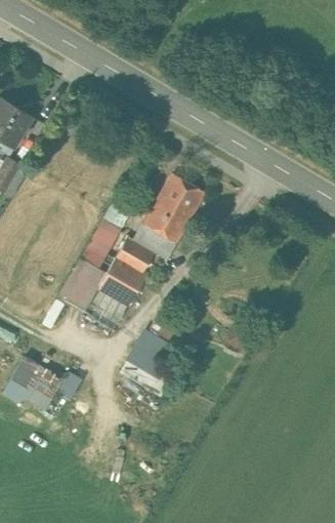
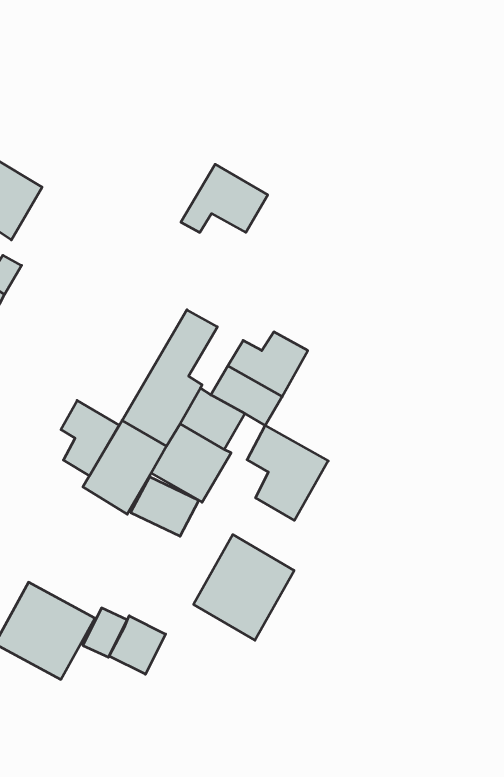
building: [152,175,204,216] -> [181,164,268,232]
building: none -> [61,400,119,476]
building: none -> [247,426,328,520]
building: none -> [109,616,166,674]

